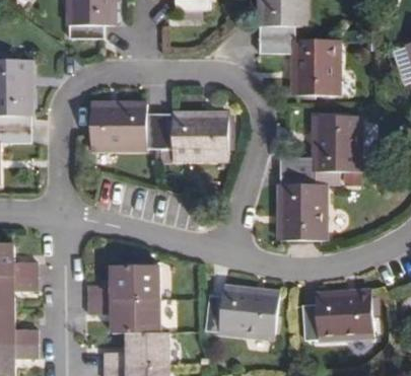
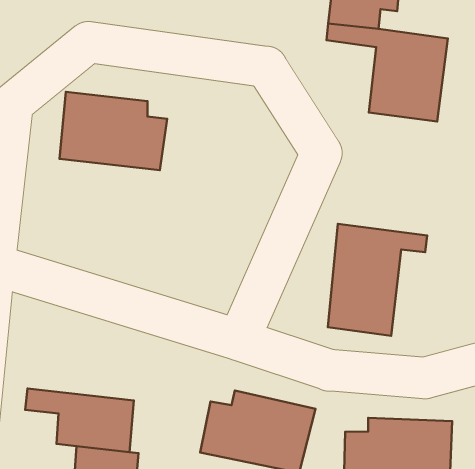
building: [159,112,228,157] -> none
building: [281,114,360,170] -> none
building: [87,266,159,301] -> none

